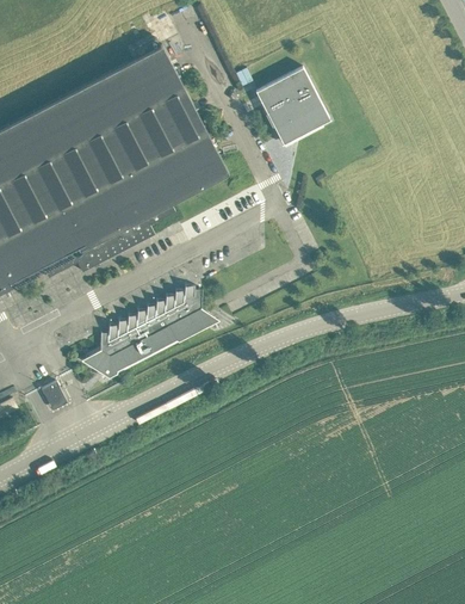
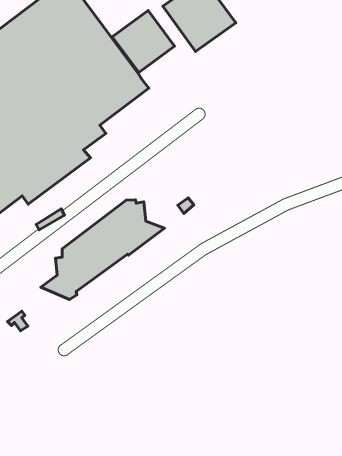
building: none -> [112,11,175,72]

